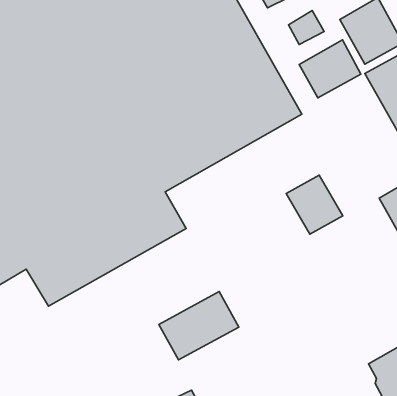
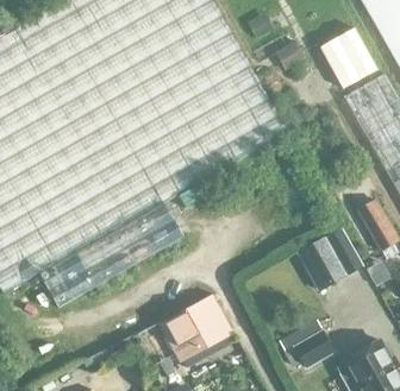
building: [299,40,361,98] -> none
building: [286,175,343,234] -> [299,235,350,289]
building: none -> [286,329,336,366]

